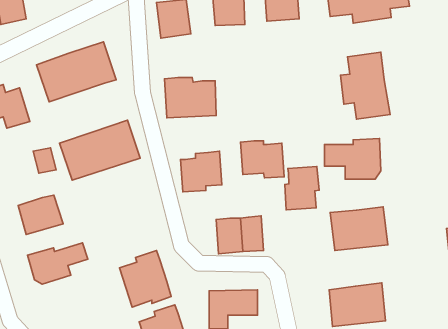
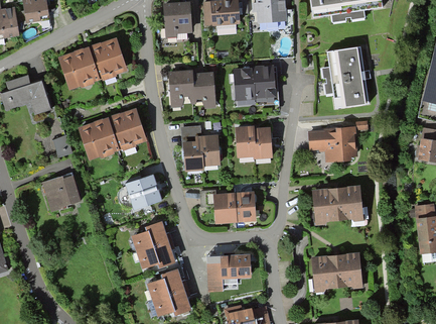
building: none -> [233,66,275,104]
building: [285,166,319,210] -> none
building: none -> [125,172,161,206]
building: [28,243,88,284] -> none

